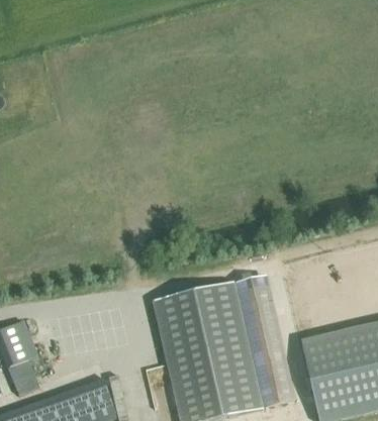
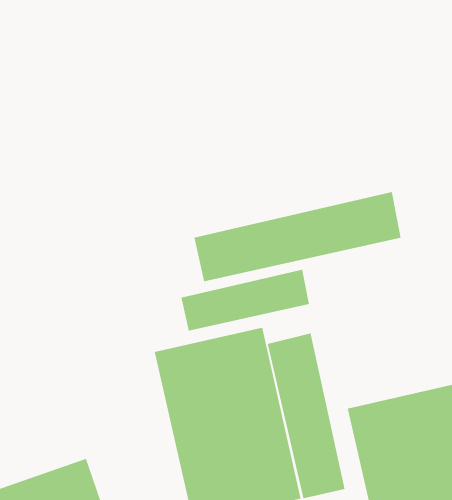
building: none -> [193,191,402,282]
building: none -> [180,269,310,331]

